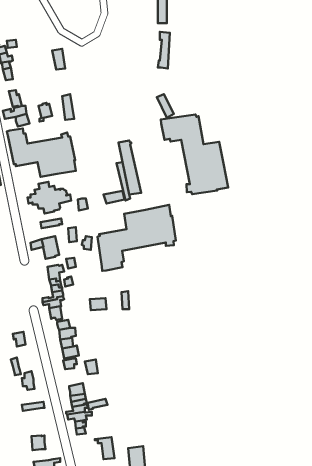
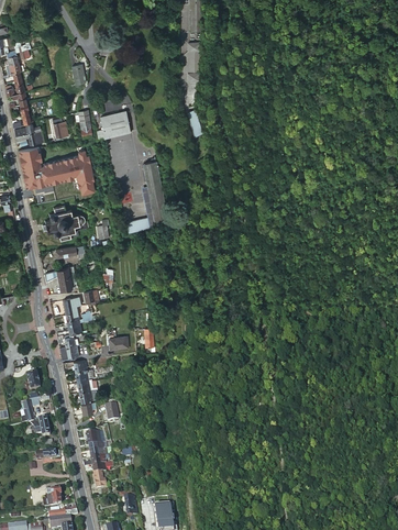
building: none -> [100,110,129,134]
building: [161,114,228,194] -> none
building: [98,205,176,271] -> none

